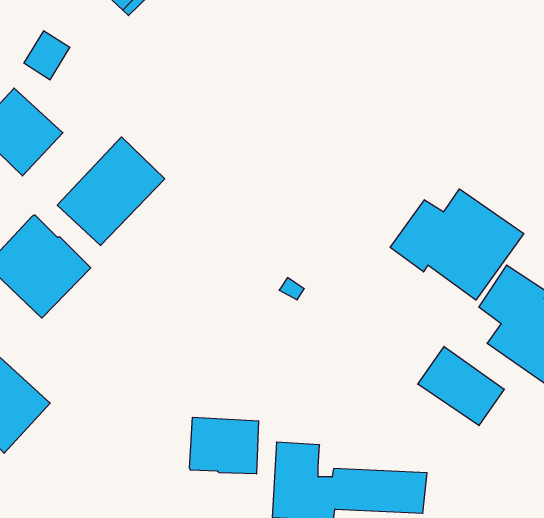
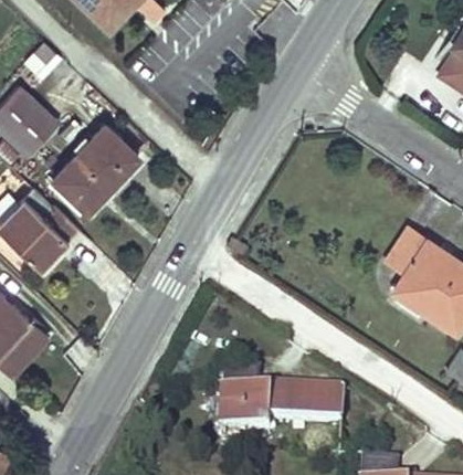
building: [390,189,524,300] -> none
building: [418,346,504,426] -> none
building: [190,417,259,474] -> none

